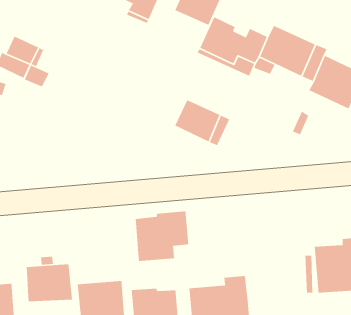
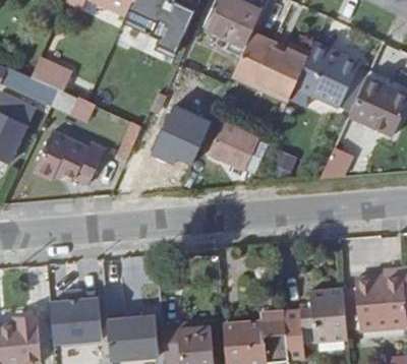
building: none -> [151,105,211,166]
building: none -> [34,132,105,183]
building: [135,210,189,262] -> none
building: none -> [284,288,347,342]

